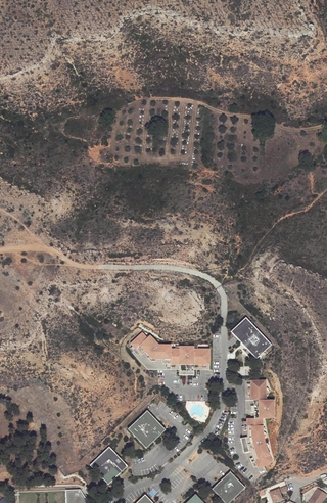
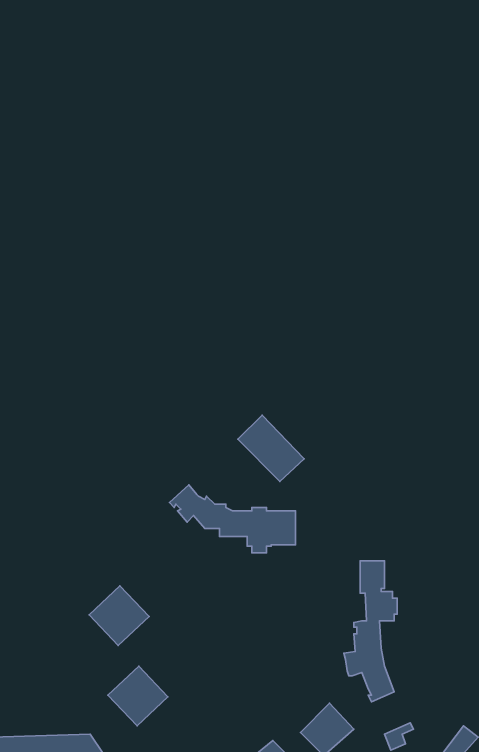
building: [231,317,273,359] -> [238,415,304,481]
building: [130,411,168,449] -> [89,586,149,646]

